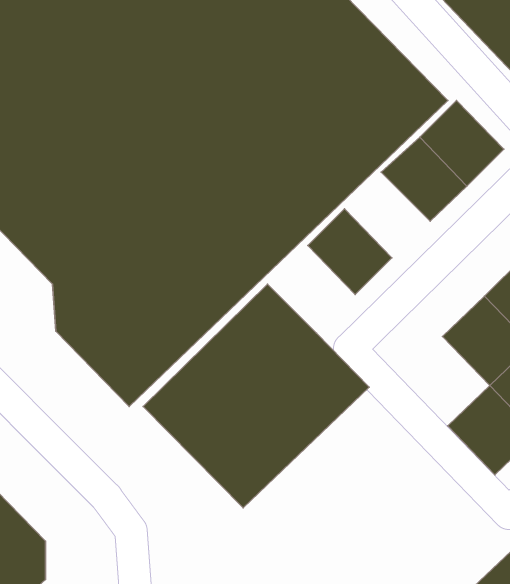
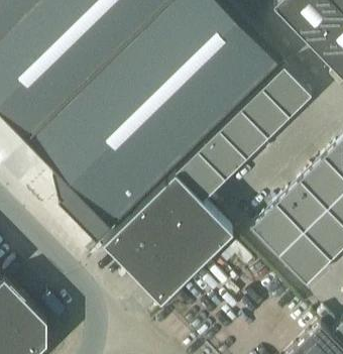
building: none -> [219,108,268,157]
building: none -> [175,150,225,201]
building: none -> [251,203,303,254]

